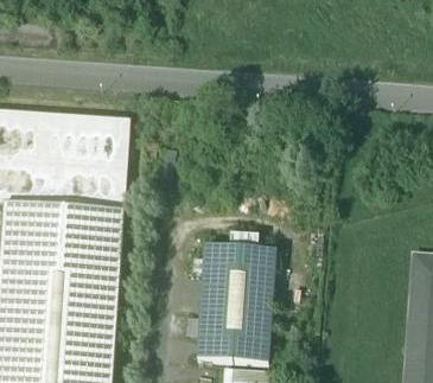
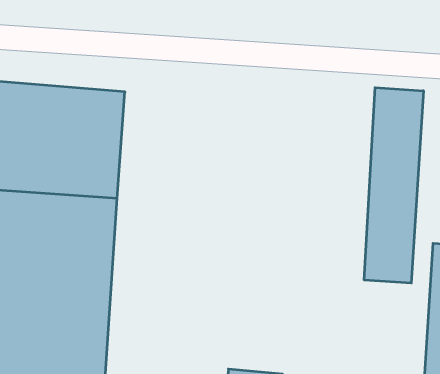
building: none -> [364,88,423,283]
building: [196,247,274,365] -> none

